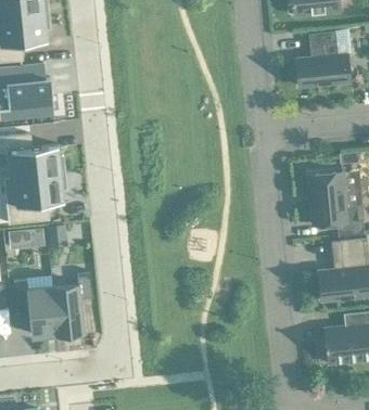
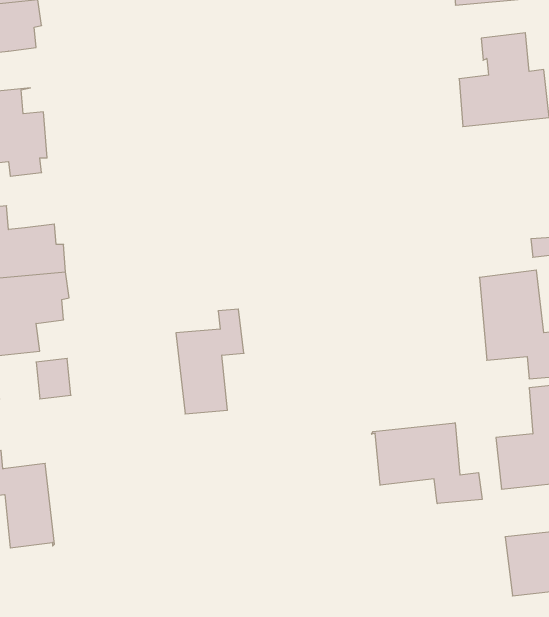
building: none -> [372,423,482,504]
building: [52,272,92,334] -> [176,309,244,414]

